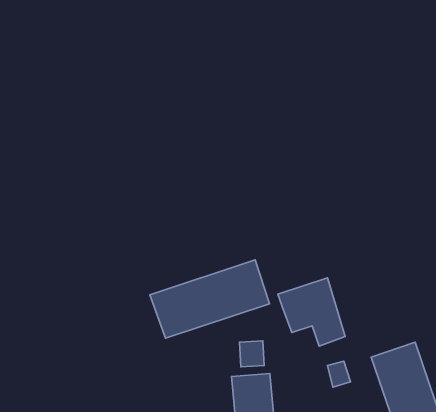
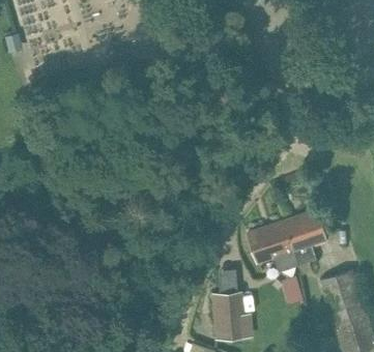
building: [150,260,270,338] -> none
building: none -> [285,210,327,265]

